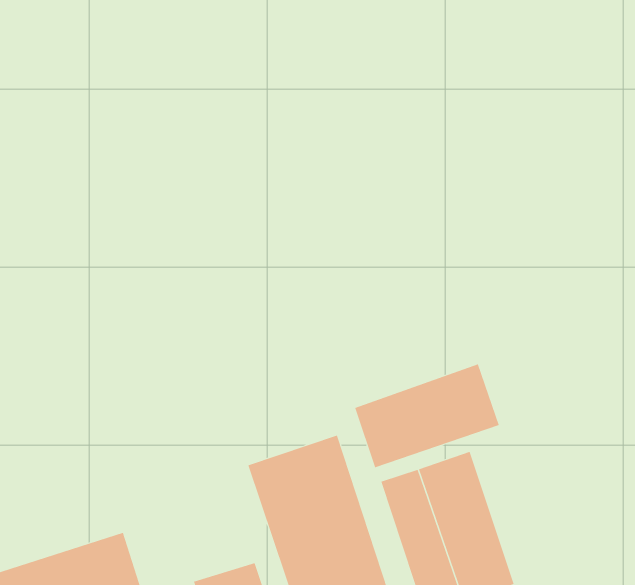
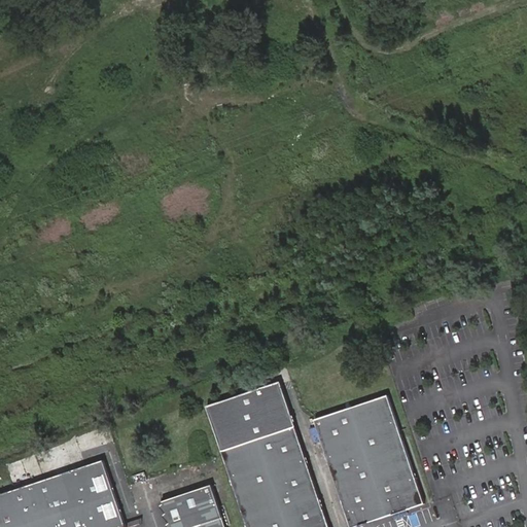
building: [354,364,499,468] -> none

